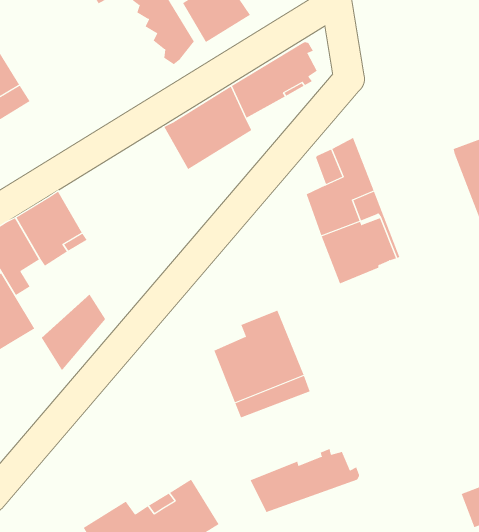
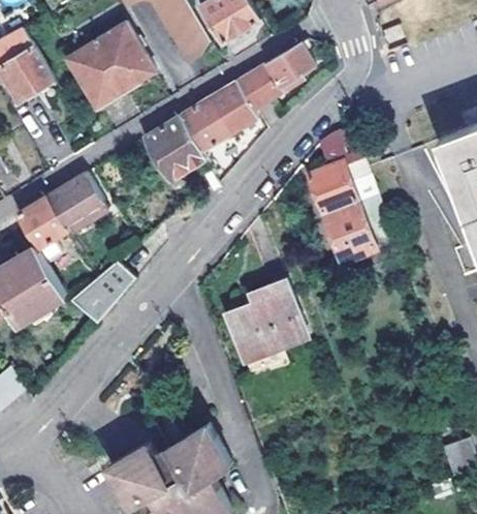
building: none -> [63,19,151,103]
building: none -> [146,115,209,180]
building: [250,448,360,513] -> none

